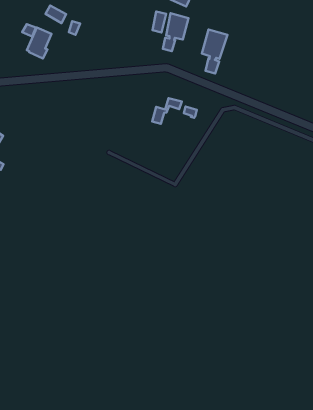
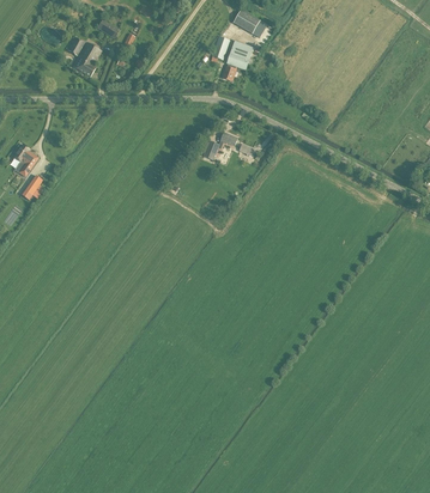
building: [202,30,228,73] -> none

